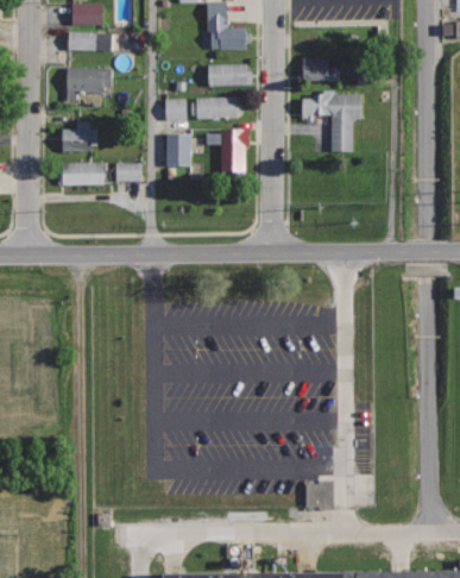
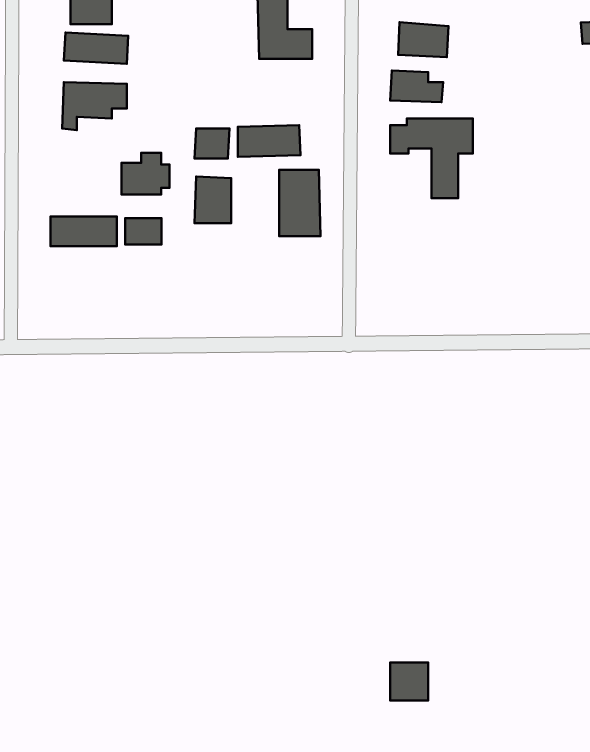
building: none -> [398,22,448,57]
building: [208,64,253,86] -> none
building: [64,121,99,151] -> [121,153,169,194]

